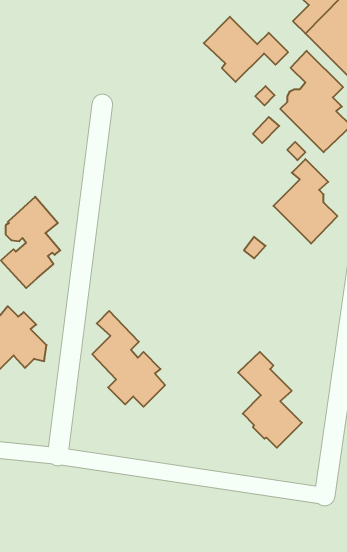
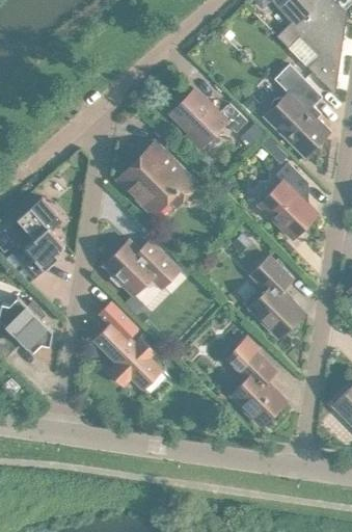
building: [204,17,288,82] -> [171,89,248,149]
building: none -> [117,141,196,215]
building: none -> [105,241,180,294]
building: none -> [250,257,303,337]

